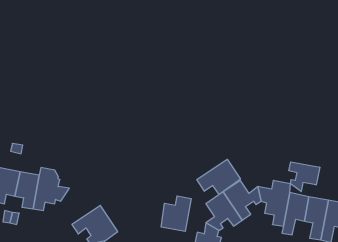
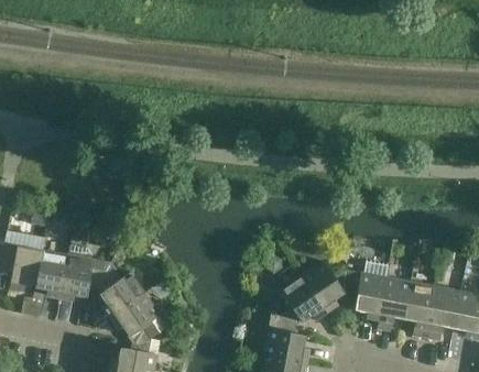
building: [197,159,240,194] -> none
building: [289,162,320,192] -> none
building: none -> [95,271,145,317]
building: [161,196,191,231] -> none

